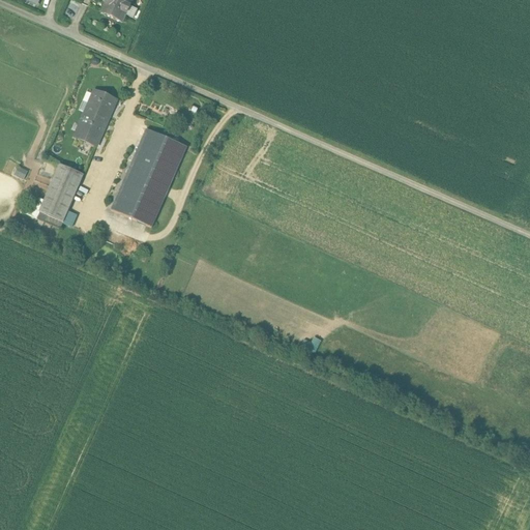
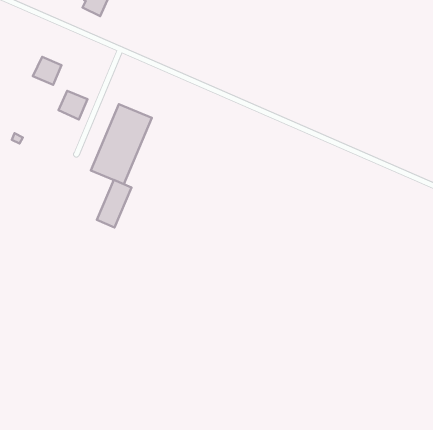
building: [83,87,118,121] -> [33,57,62,85]
building: [41,164,84,222] -> [97,180,132,227]

